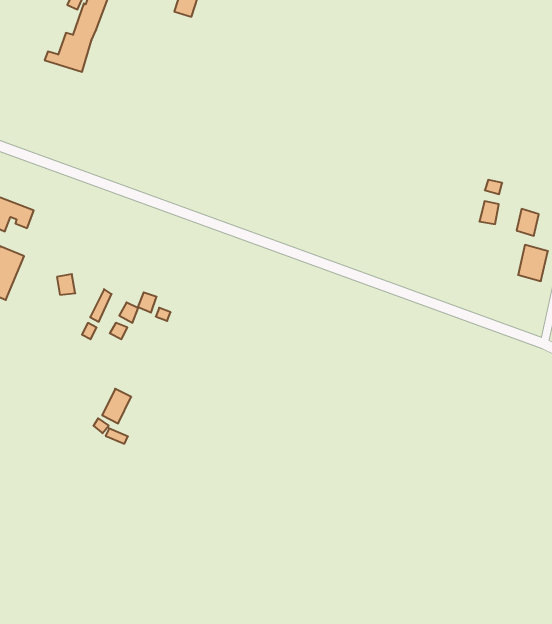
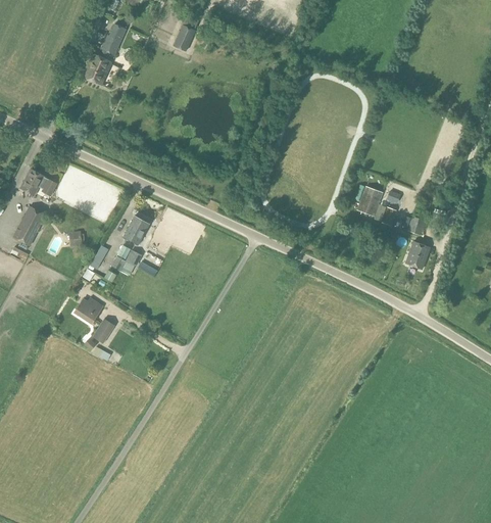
building: none -> [357,186,382,216]
building: none -> [122,217,149,245]
building: none -> [73,298,102,324]

